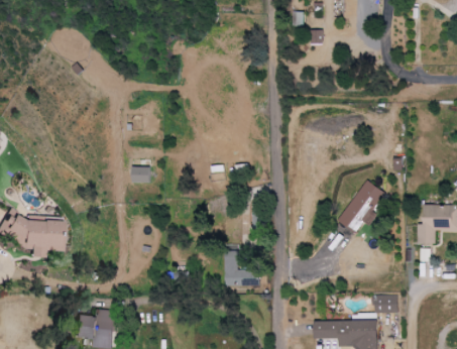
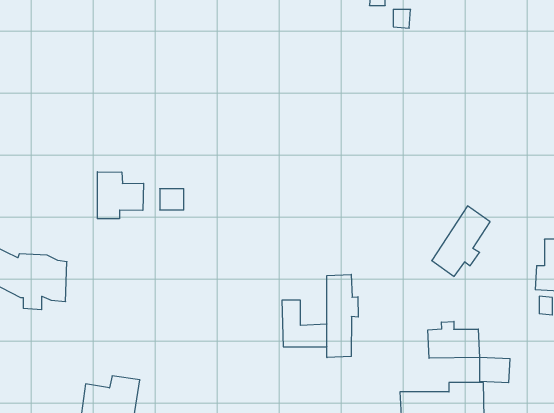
building: none -> [97,172,143,219]
building: none -> [327,274,358,358]
building: none -> [428,321,480,358]

